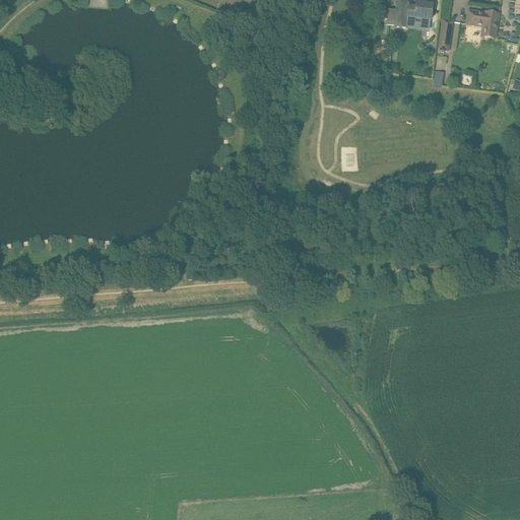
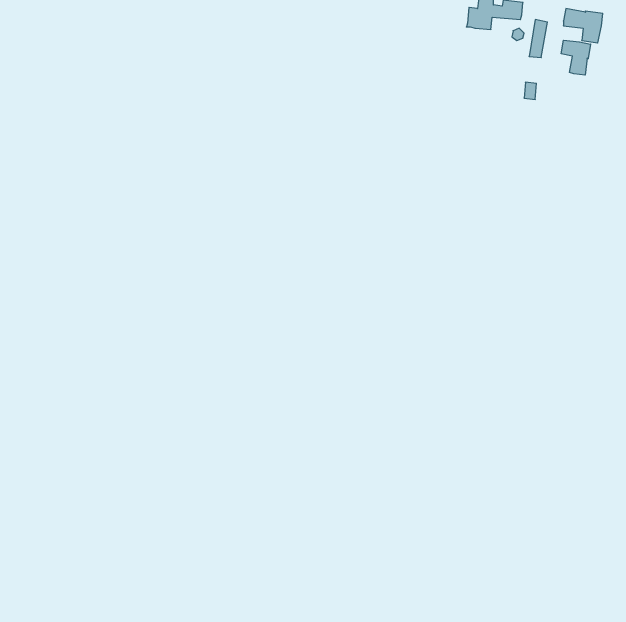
building: none -> [561,40,591,75]

